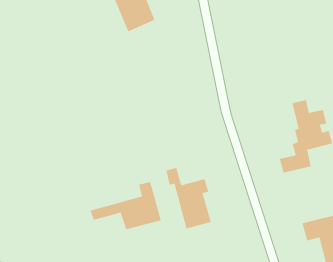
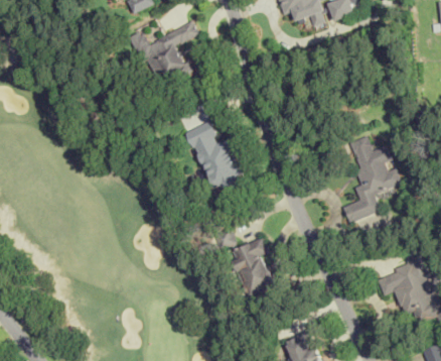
building: none -> [175,96,246,194]
building: [89,181,162,230] -> none

